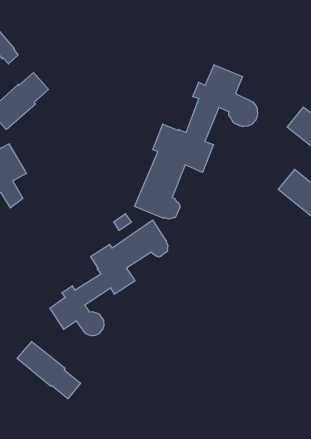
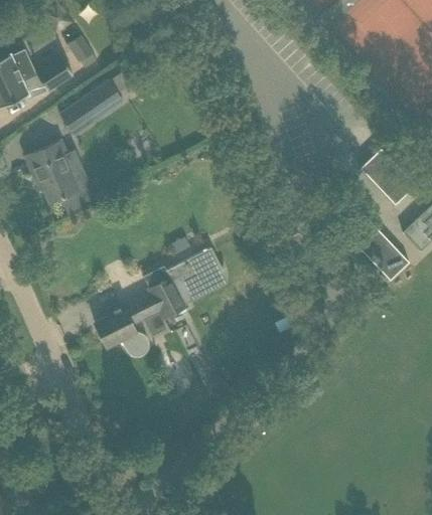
building: [135,65,258,219] -> none
building: [17,342,80,399] -> none

